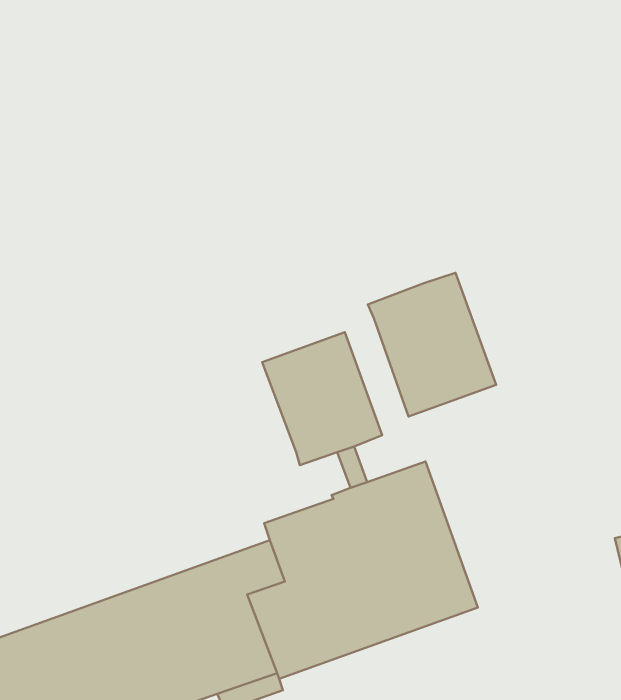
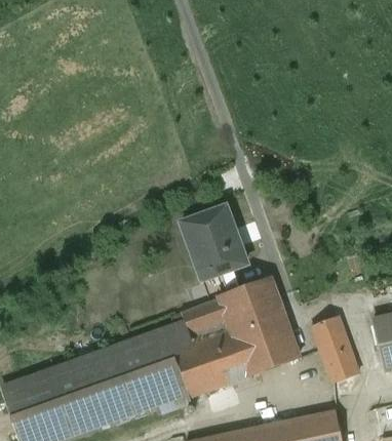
building: [368,273,496,417] -> none
building: none -> [312,317,359,383]

